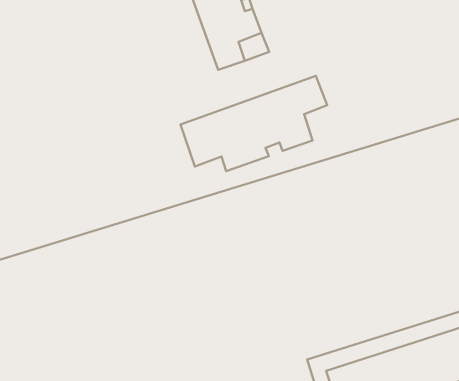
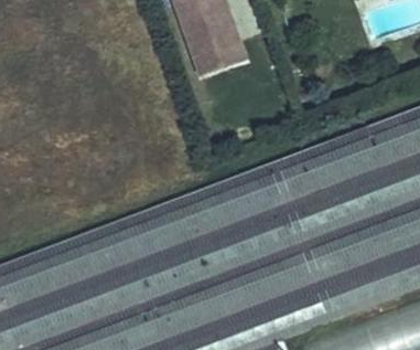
building: [181,76,327,171] -> none

